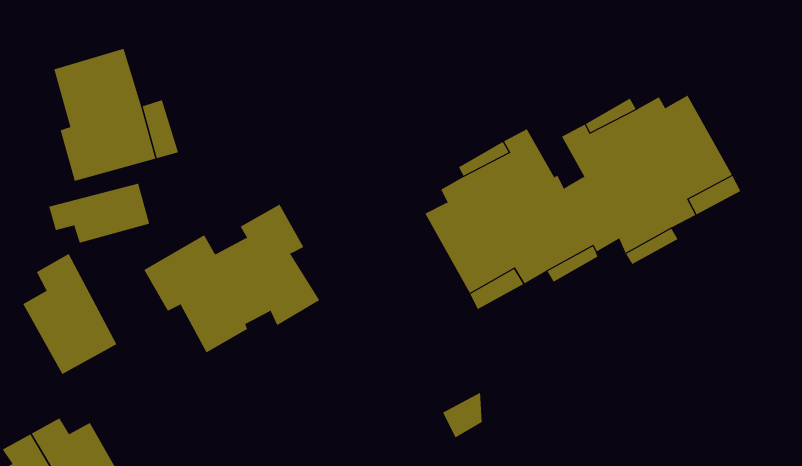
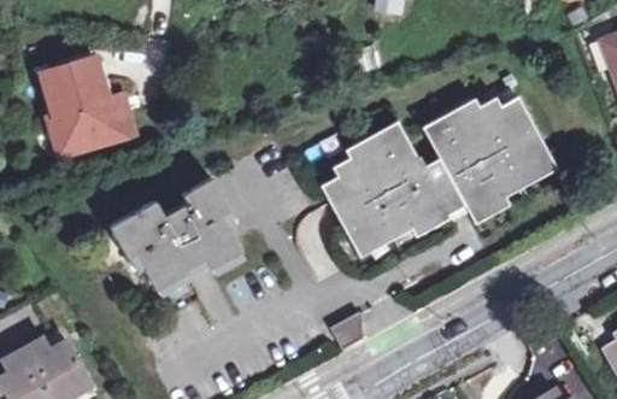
building: [48,183,150,244] -> none
building: [23,253,117,375] -> none

